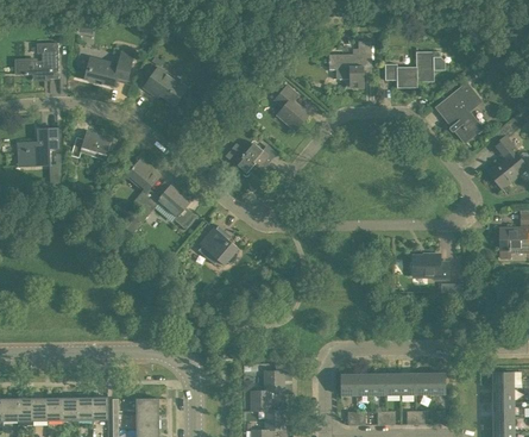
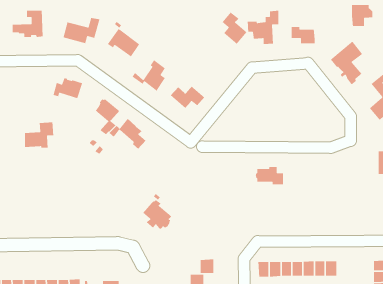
building: [416,51,445,81] -> [351,4,373,27]
building: [275,86,309,130] -> [221,11,248,45]
building: none -> [131,59,168,92]
building: [19,129,58,164] -> [24,122,54,149]
building: [200,225,239,266] -> [142,199,172,230]
building: [410,254,448,279] -> [255,166,284,185]

